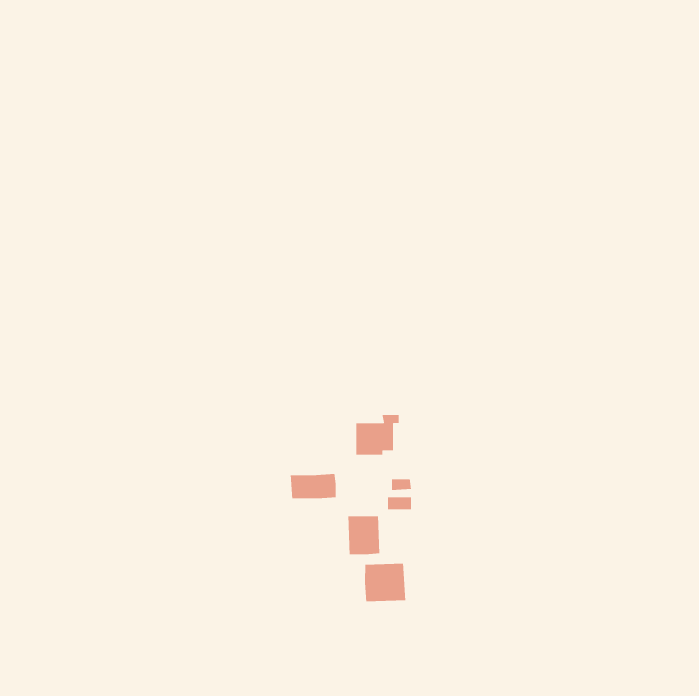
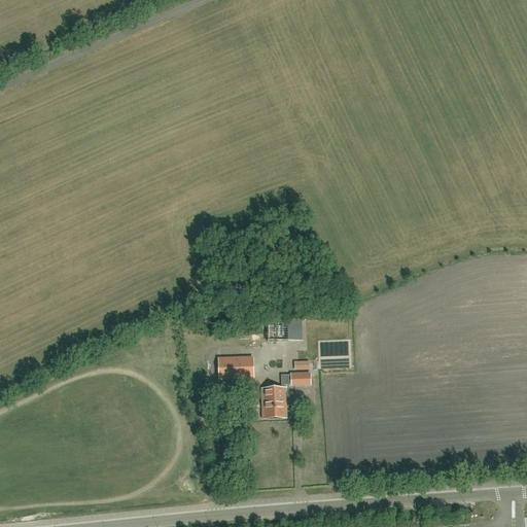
building: [364,563,406,602] -> none

